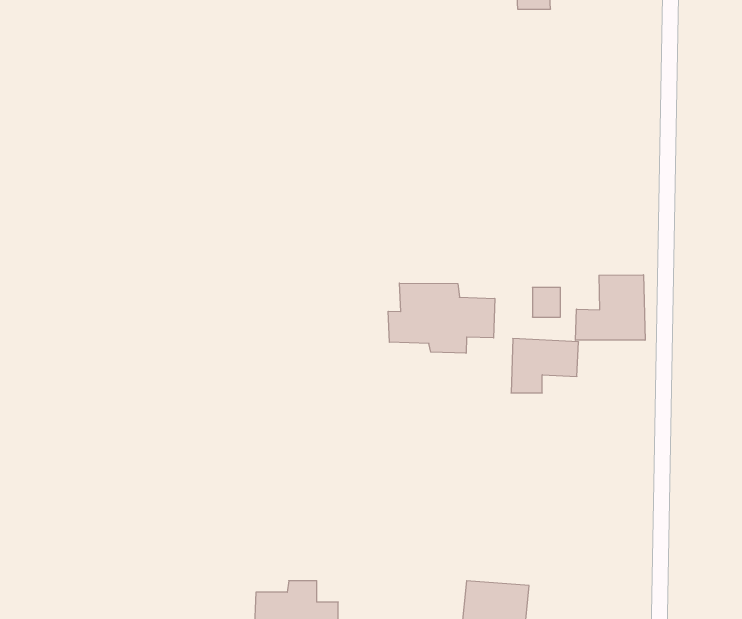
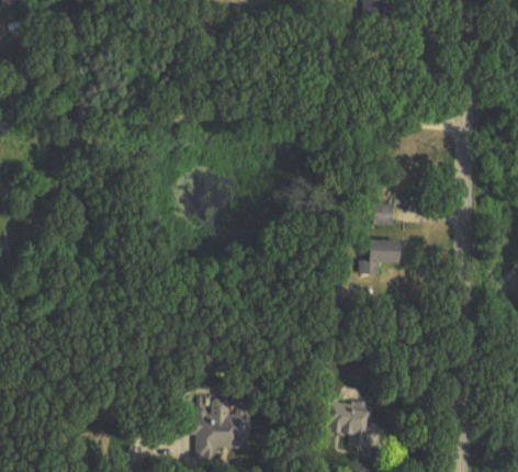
building: [575,275,645,340] -> none
building: [388,283,495,353] -> none

